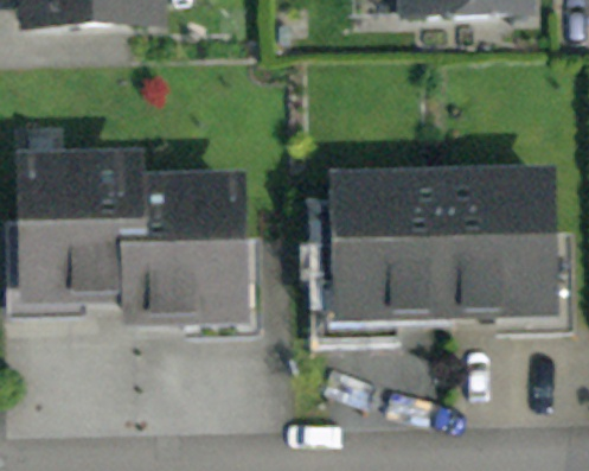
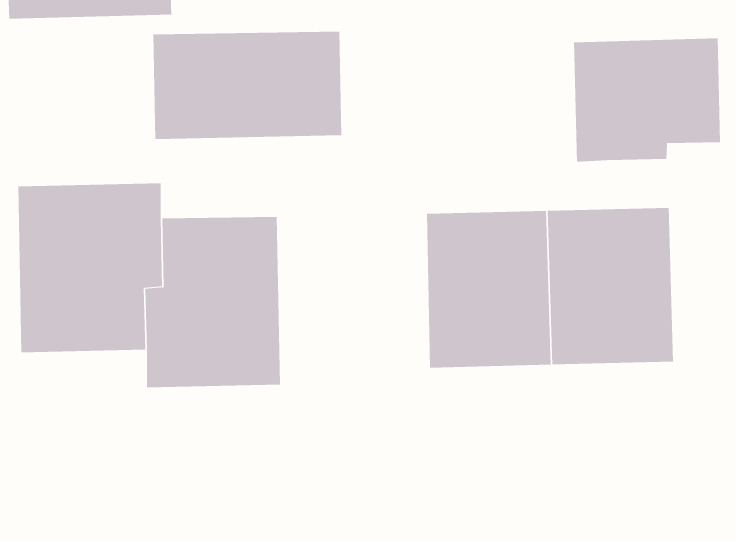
building: none -> [153,31,342,140]
building: none -> [573,37,720,162]

